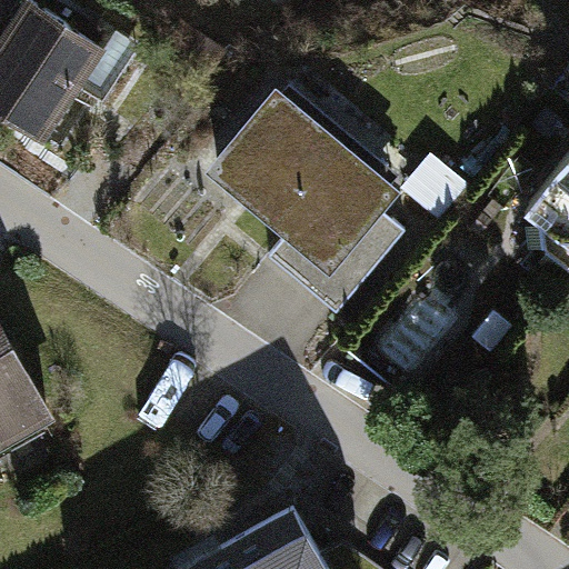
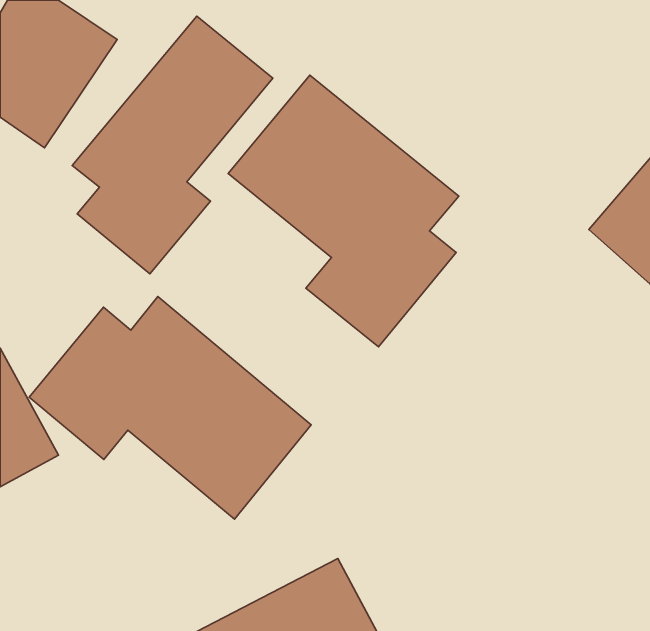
building: none -> [72,16,273,274]
building: none -> [29,296,311,519]

